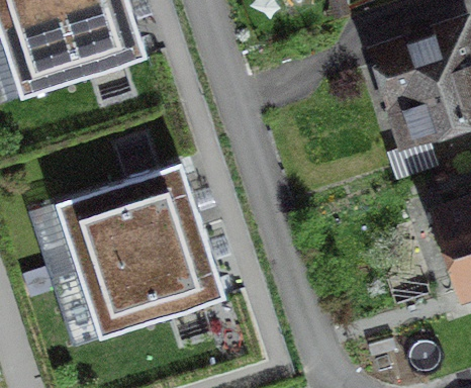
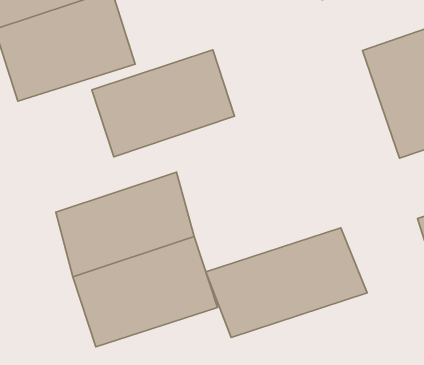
building: none -> [92,50,234,157]
building: none -> [206,228,367,338]

